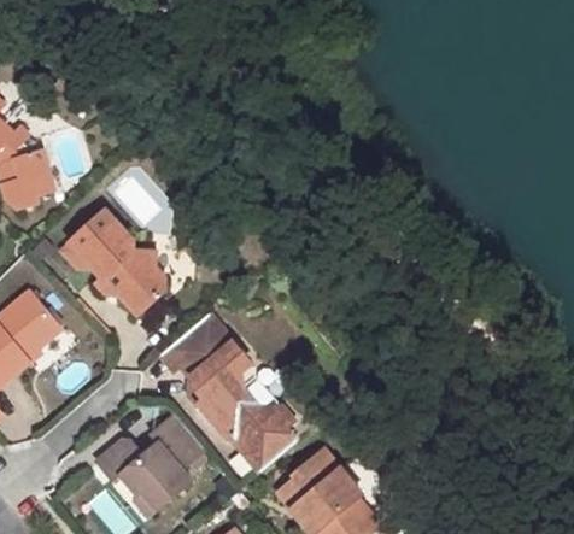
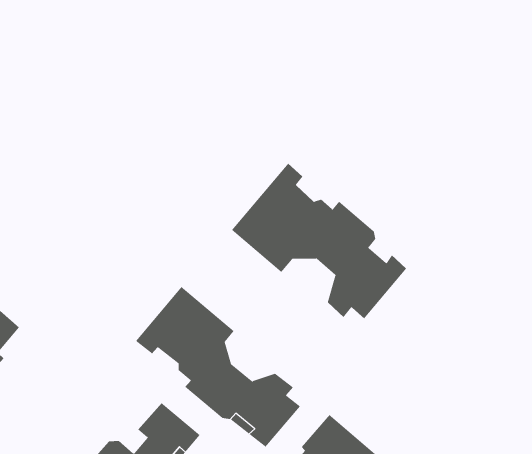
building: [62,210,164,315] -> none
building: none -> [231,163,407,319]

